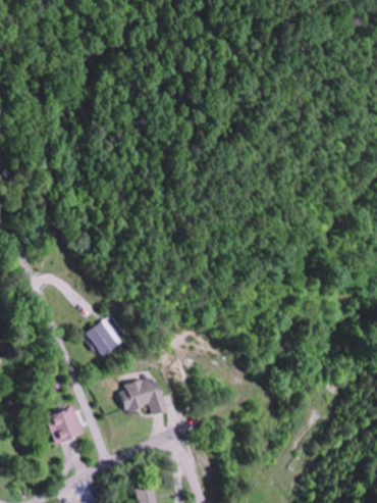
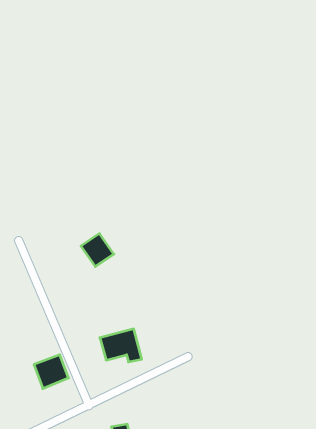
building: [87,318,124,356] -> [81,234,114,267]

